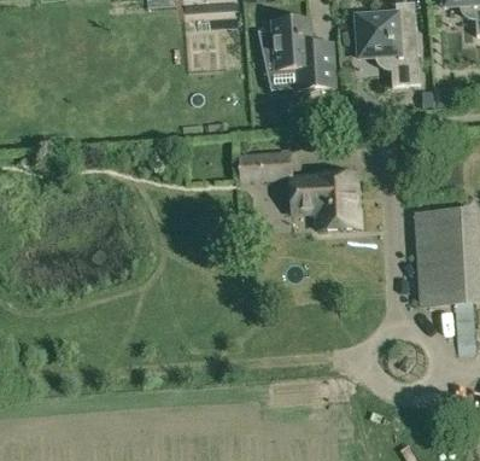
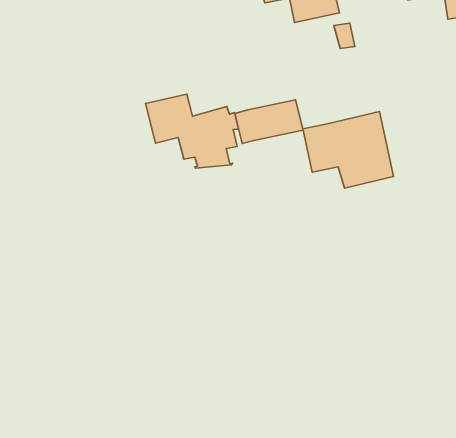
building: none -> [145,94,239,168]

